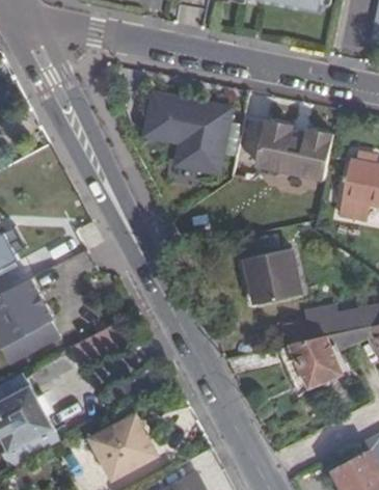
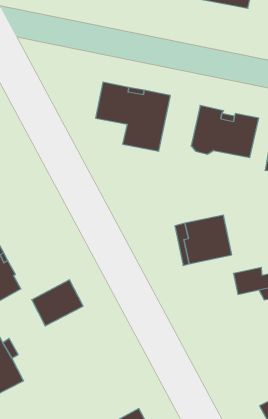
building: [290,335,339,380] -> none
building: [91,414,156,478] -> none

